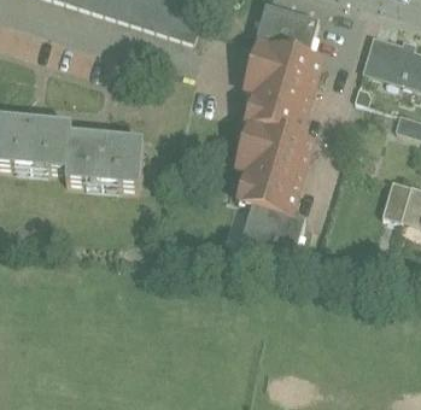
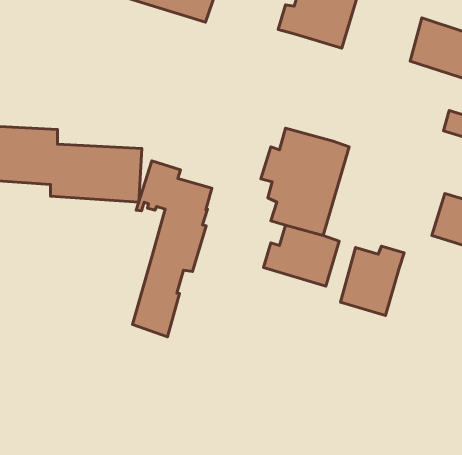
building: [247,48,322,137] -> none
building: none -> [132,161,212,337]
building: none -> [340,246,404,315]

